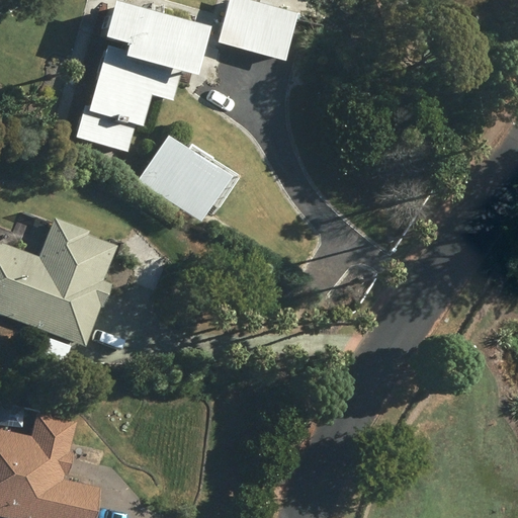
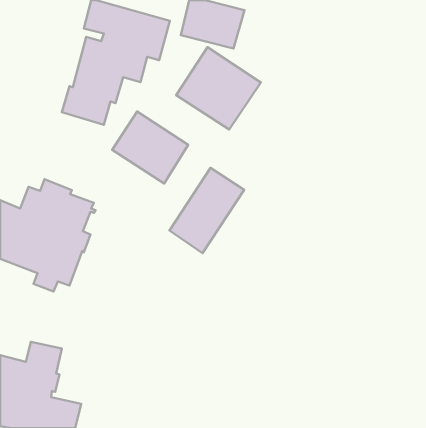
building: none -> [176,47,261,129]
building: none -> [170,168,244,253]

